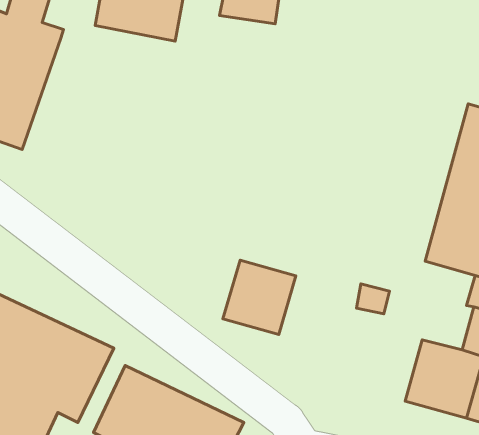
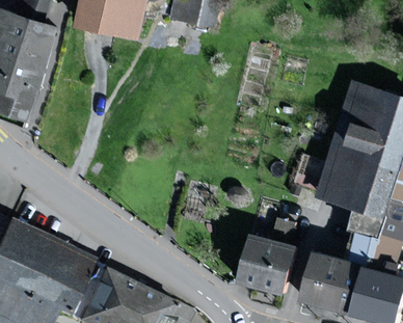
building: [223,260,296,334] -> [243,236,296,290]

